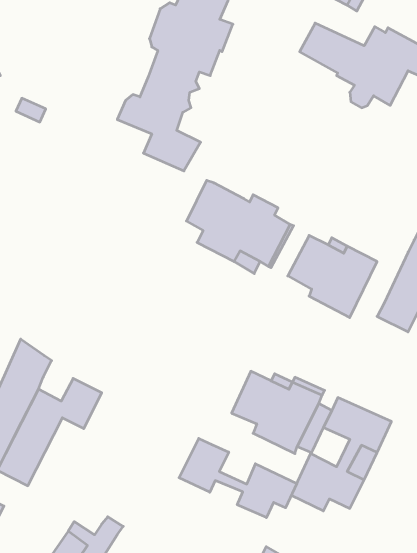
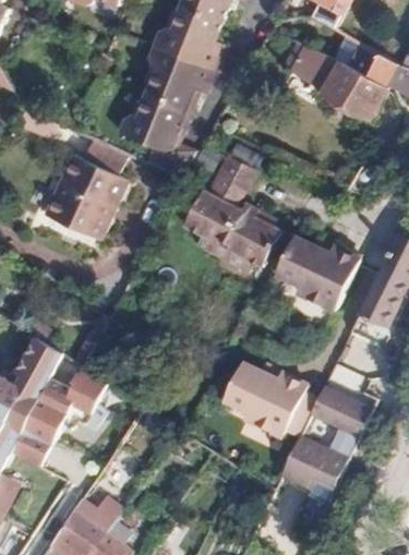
building: none -> [47,138,128,239]
building: none -> [208,155,254,204]
building: [179,438,297,518] -> none

